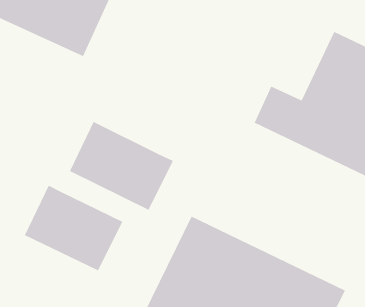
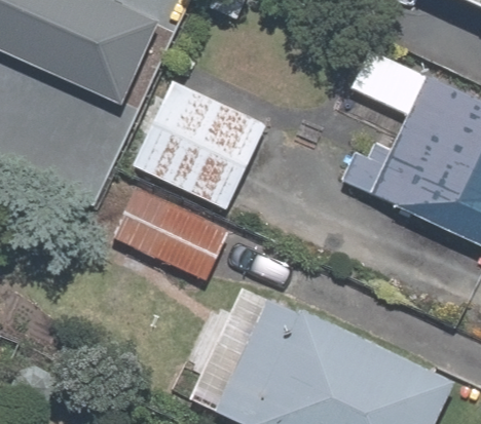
building: none -> [121,74,270,222]
building: [24,185,123,271] -> none

